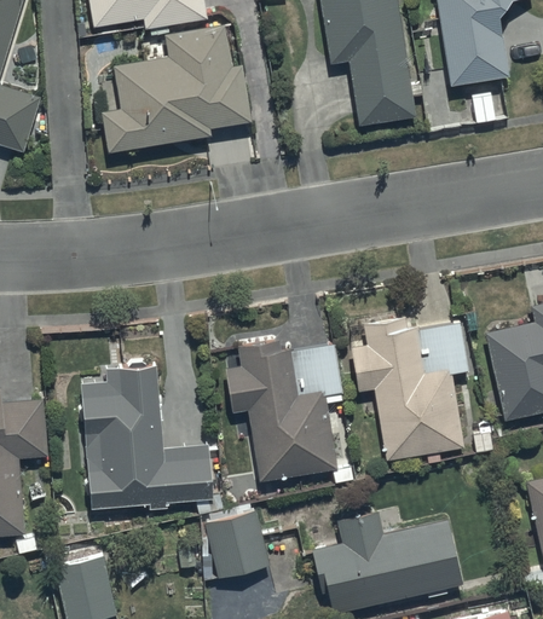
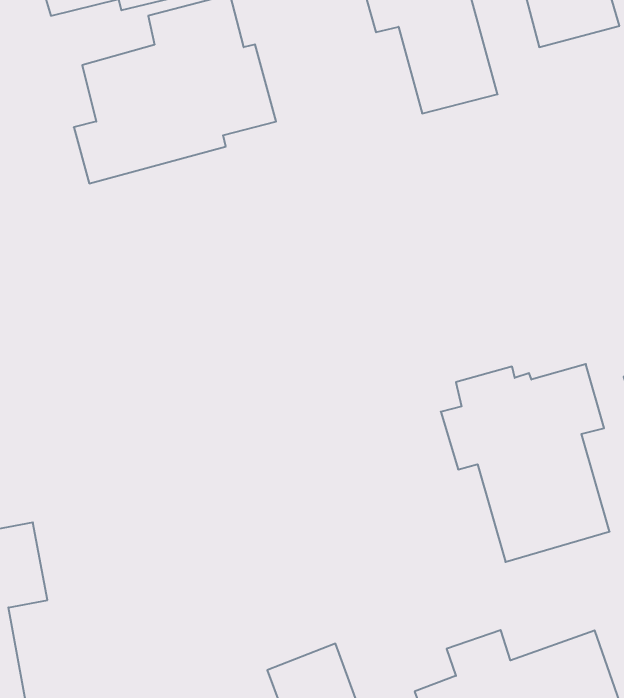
building: [225,340,345,481] -> none
building: [82,363,210,509] -> none

